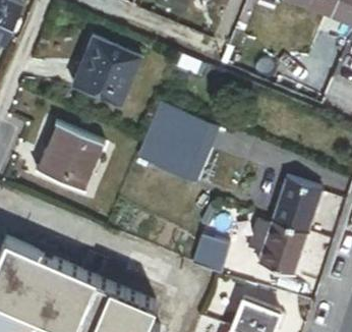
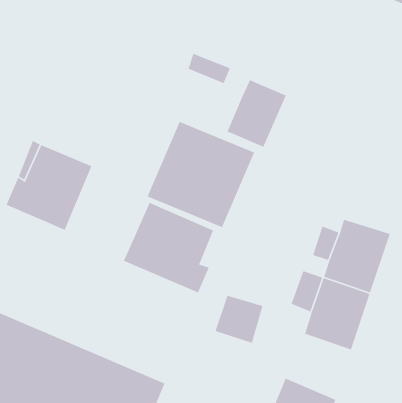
building: [71,36,138,104] -> none
building: none -> [227,79,287,148]
building: none -> [123,202,214,294]

